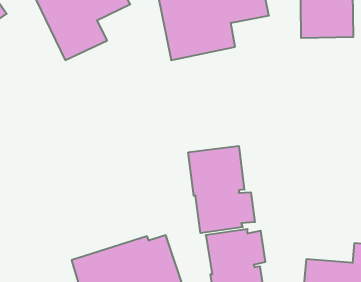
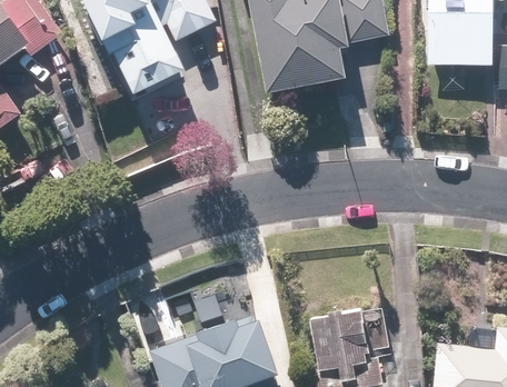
building: [188,146,255,233] -> none

